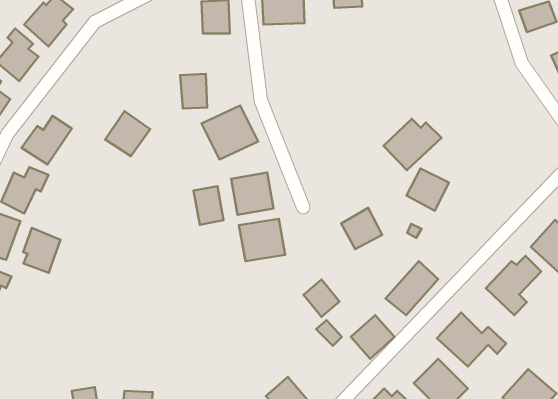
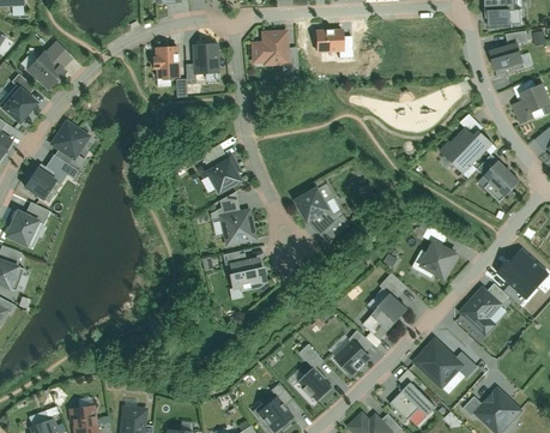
building: [180,74,207,109] -> [155,49,180,82]
building: [105,111,150,156] -> [50,115,92,157]
building: [384,119,441,170] -> [439,127,492,175]
building: none -> [478,157,520,199]
building: [406,168,449,211] -> [422,237,461,277]
building: [194,186,224,225] -> none
building: [341,208,382,249] -> [292,190,331,228]
building: [23,228,61,273] -> none
building: [303,280,339,317] -> [297,368,331,403]

